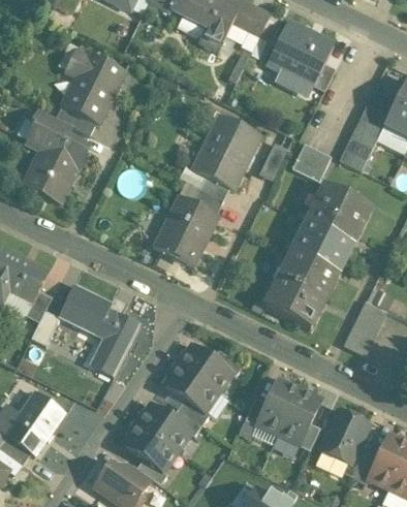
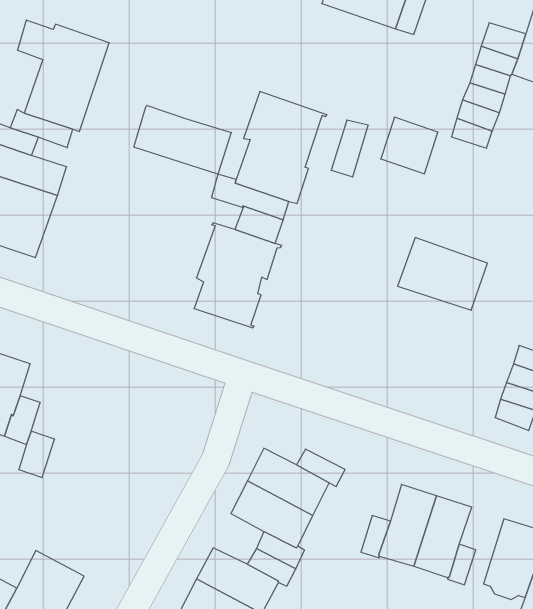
building: none -> [134,105,231,174]
building: [307,185,369,245] -> none
building: [264,252,337,329] -> none
building: [58,282,140,377] -> none

